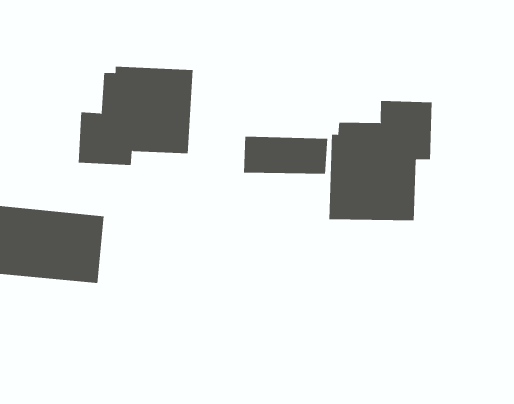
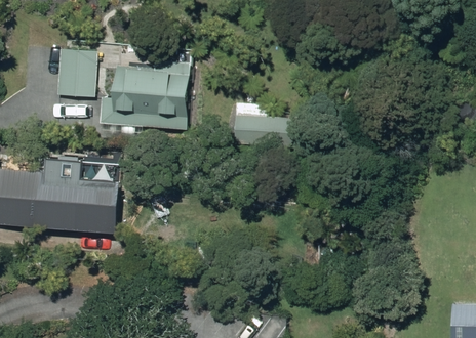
building: none -> [53,46,93,95]
building: [329,100,432,221] -> none

